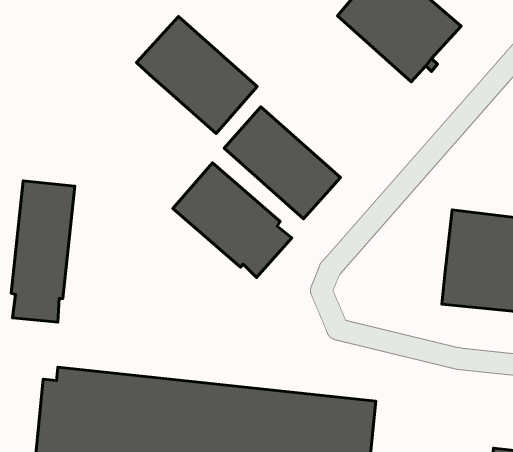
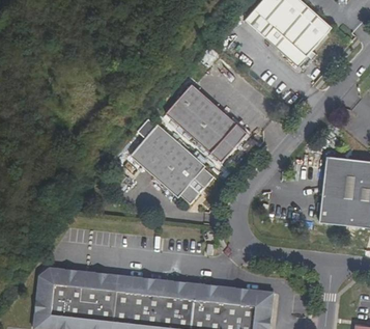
building: [136,17,257,134] -> none
building: [11,181,75,322] -> none

